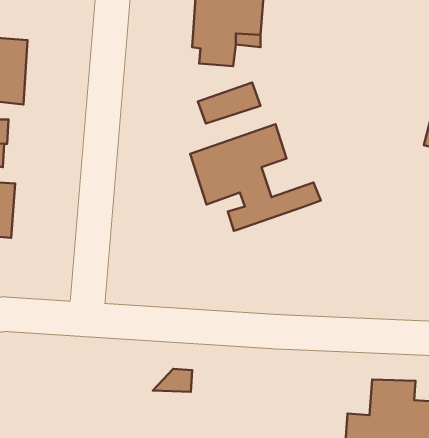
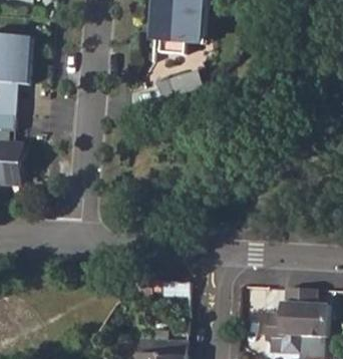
building: [190,124,321,231] -> none

